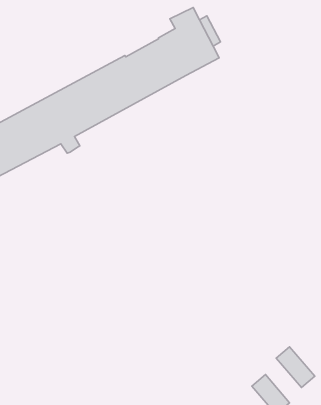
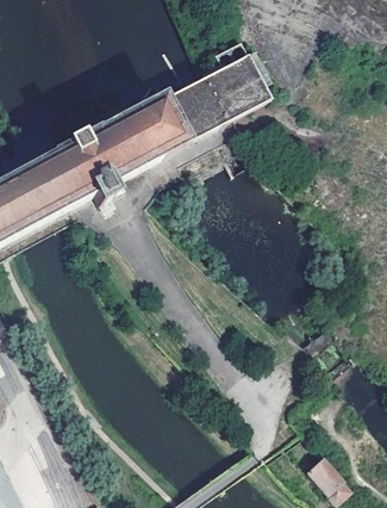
building: [276,347,315,388] -> none

